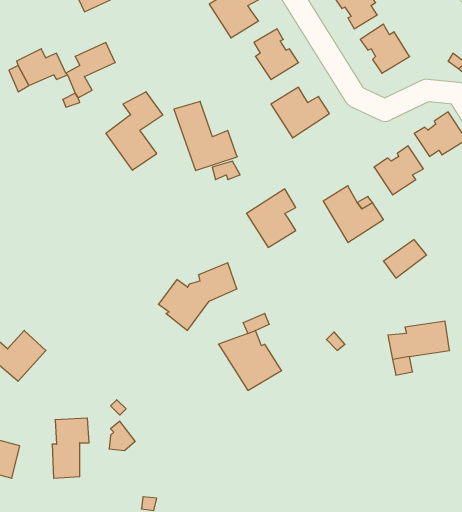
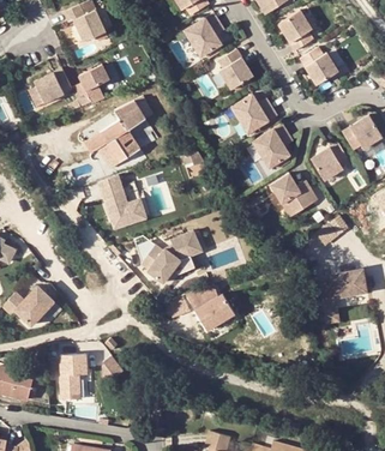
building: [174,101,237,171] -> [100,176,149,230]
building: none -> [85,132,122,168]
building: [246,189,296,247] -> [251,122,289,168]

